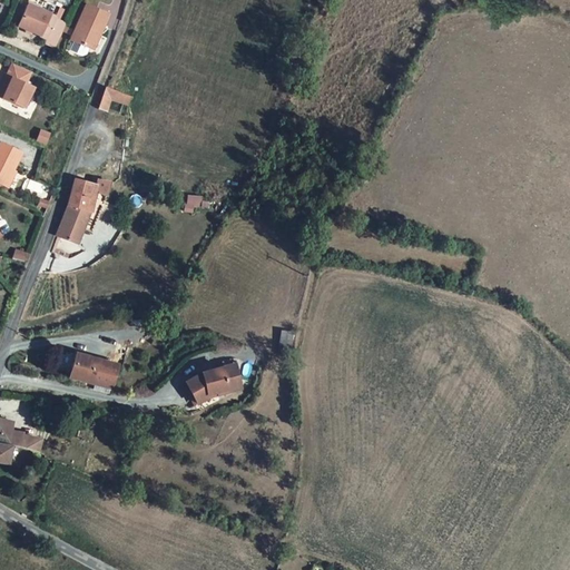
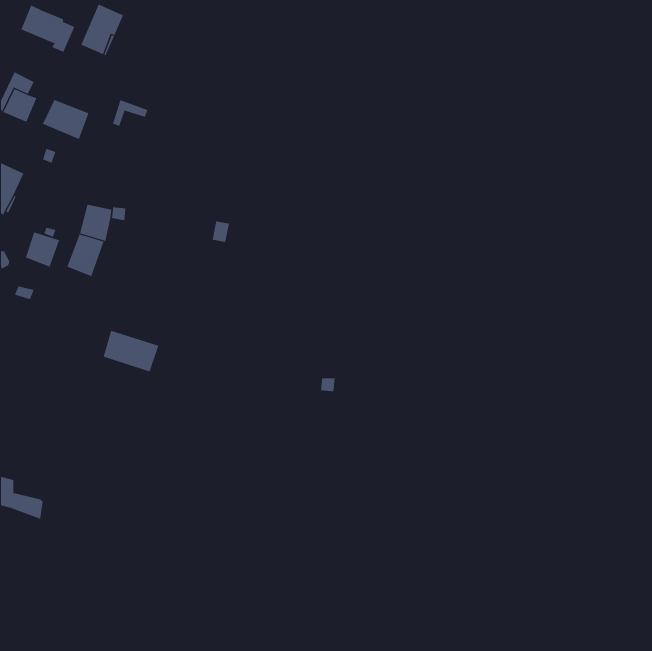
building: none -> [42,99,89,140]
building: none -> [25,231,60,268]
building: [60,346,109,383] -> [103,330,159,372]
building: [180,373,234,403] -> none

